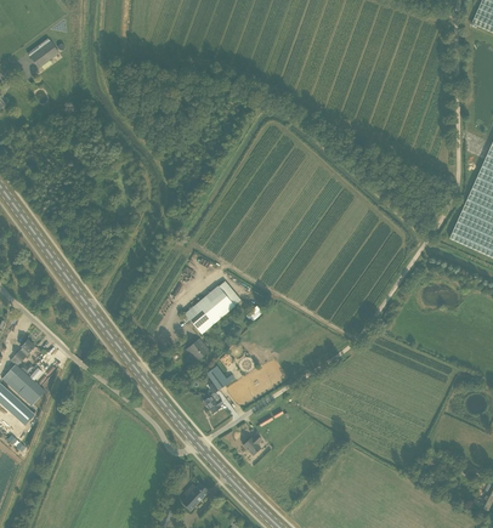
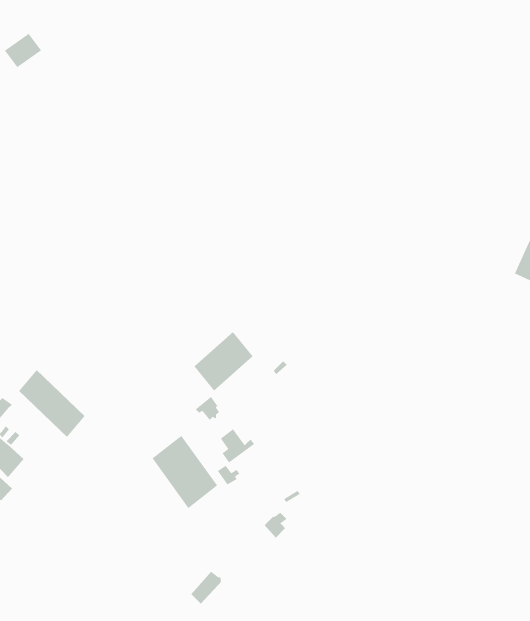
building: none -> [18,369,86,438]
building: none -> [151,435,218,509]

